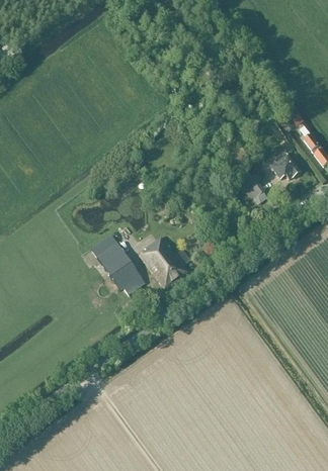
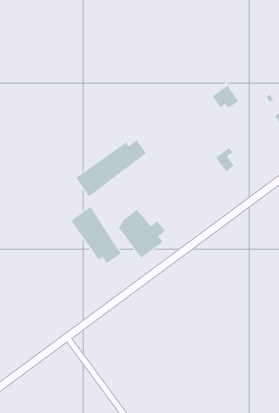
building: [268,152,299,178] -> [210,83,239,108]
building: none -> [76,139,147,197]

